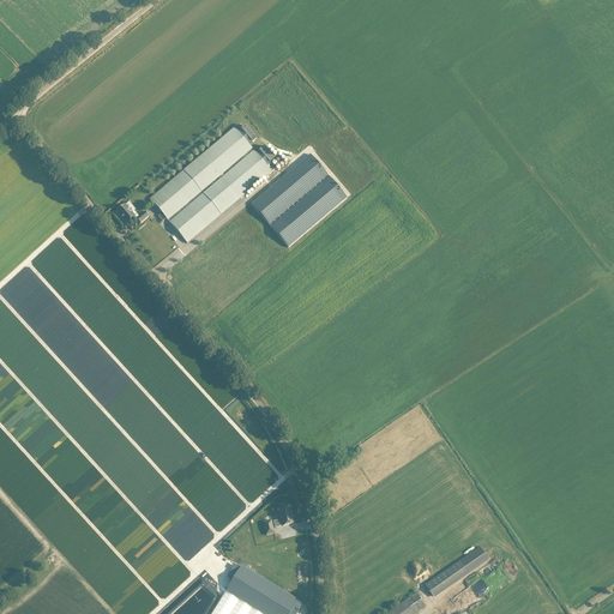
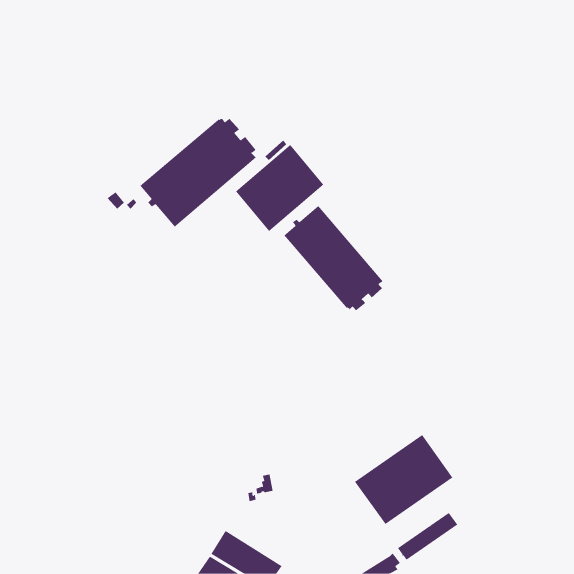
building: none -> [284,205,384,311]
building: none -> [354,434,453,525]

